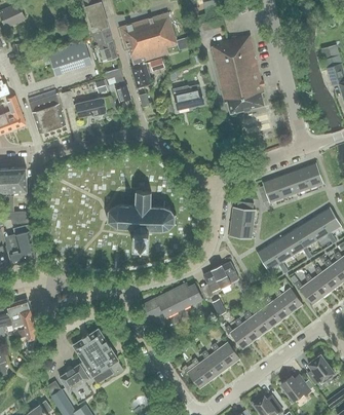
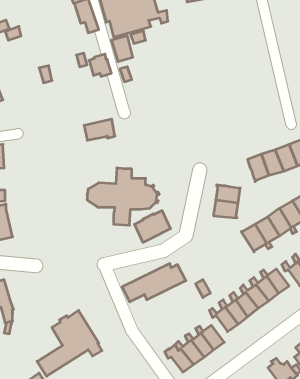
building: [212,35,264,113] -> none
building: [48,41,91,74] -> none
building: [173,83,203,109] -> none
building: [29,89,66,133] -> none
building: [75,97,105,117] -> [84,119,115,140]
building: [203,261,238,292] -> [134,211,171,242]

